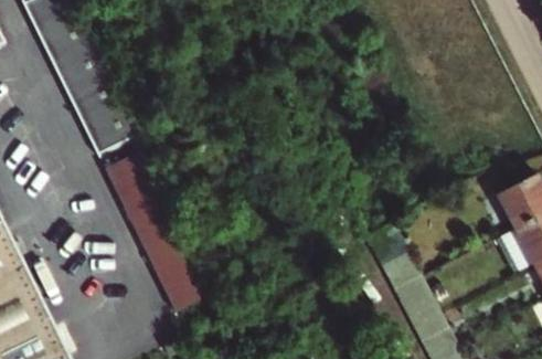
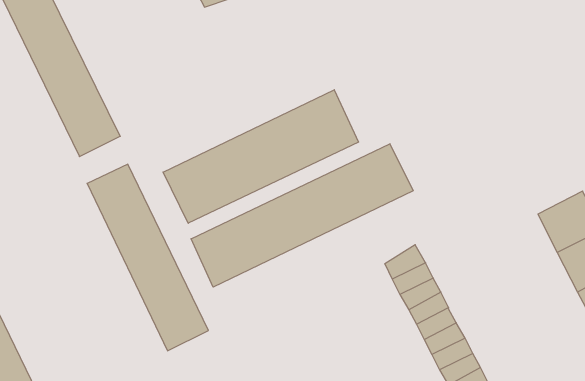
building: none -> [163,90,359,223]
building: none -> [191,144,413,287]

